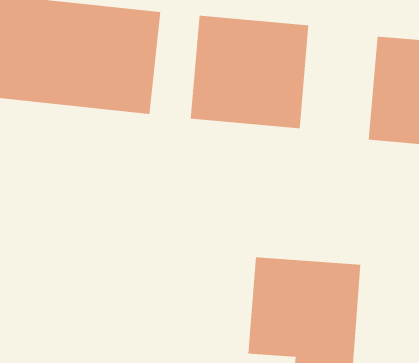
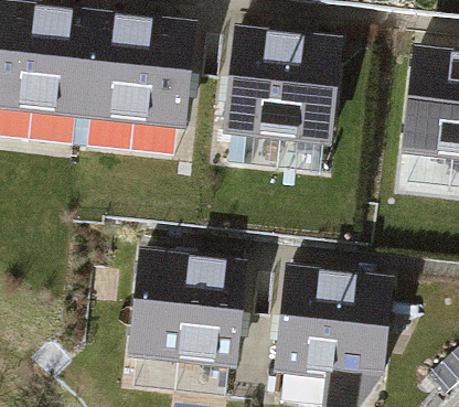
building: none -> [127,257,246,371]

